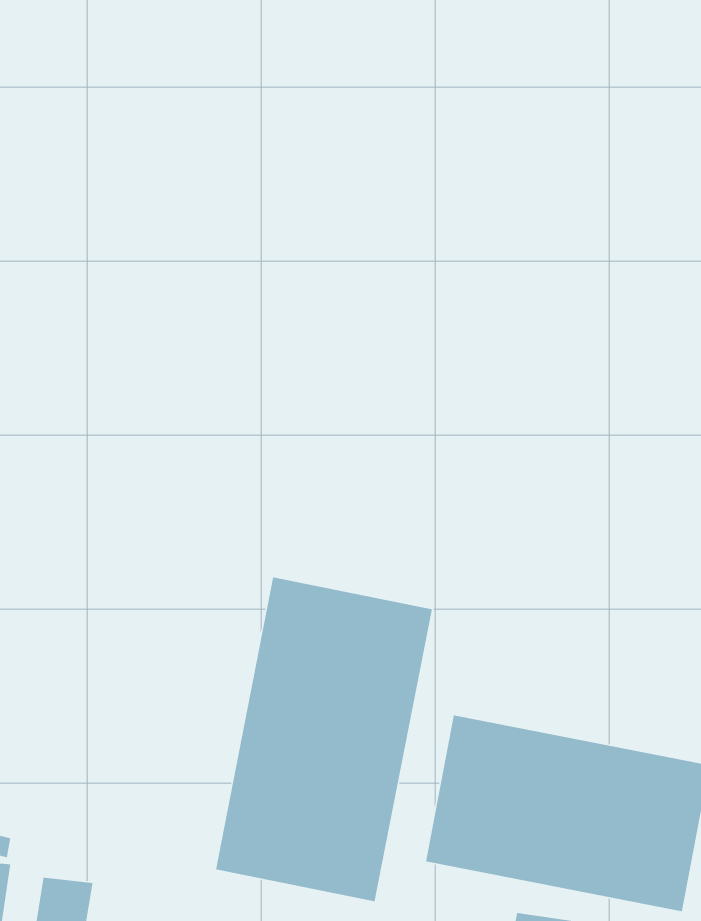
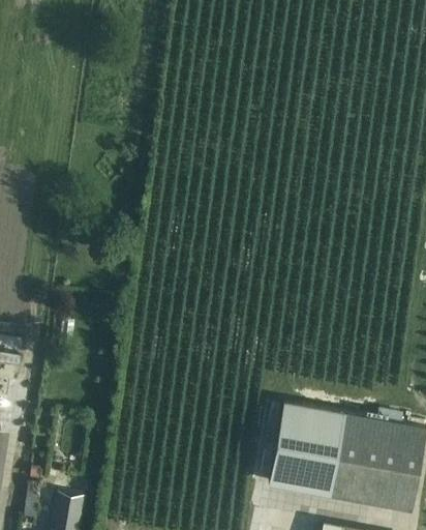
building: [215,577,433,902] -> none

